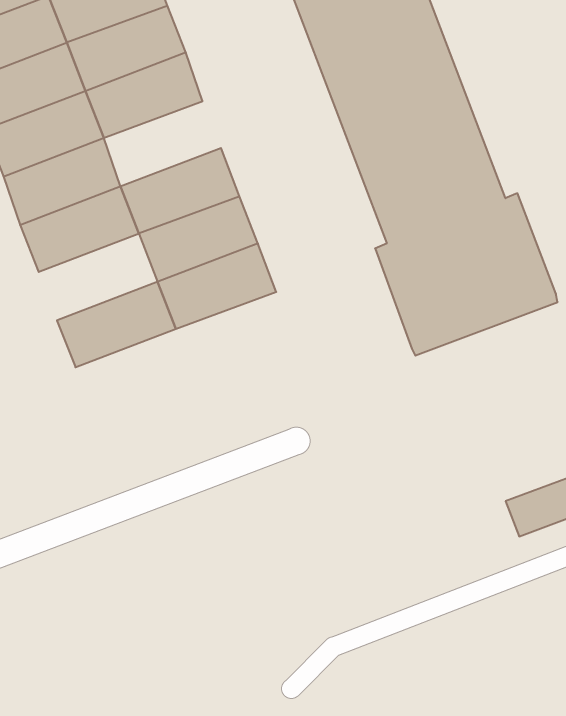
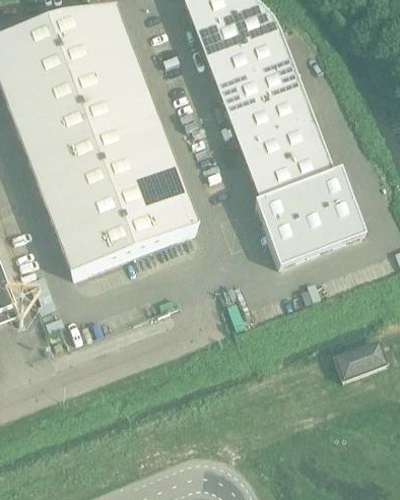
building: none -> [90,111,161,163]
building: none -> [51,191,123,244]

